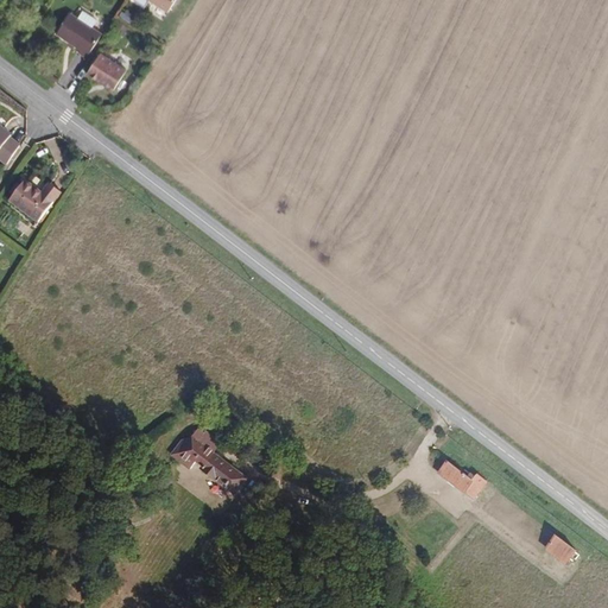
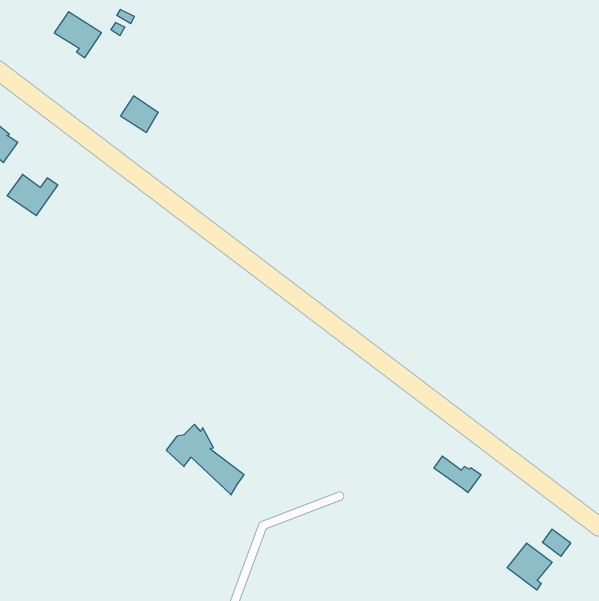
building: [87,52,125,89] -> [121,96,158,132]
building: none -> [507,543,552,590]

